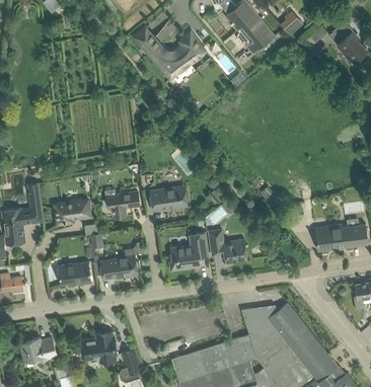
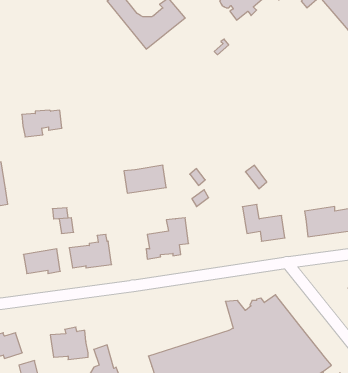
building: [107,192,139,216] -> none
building: [54,200,90,224] -> [22,110,62,137]
building: [208,229,246,262] -> [242,204,285,241]

